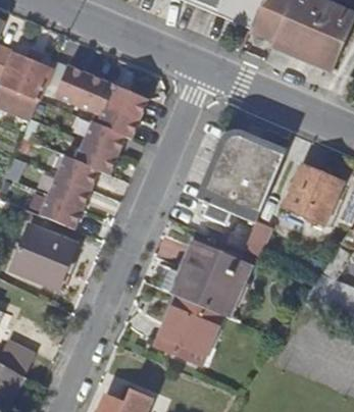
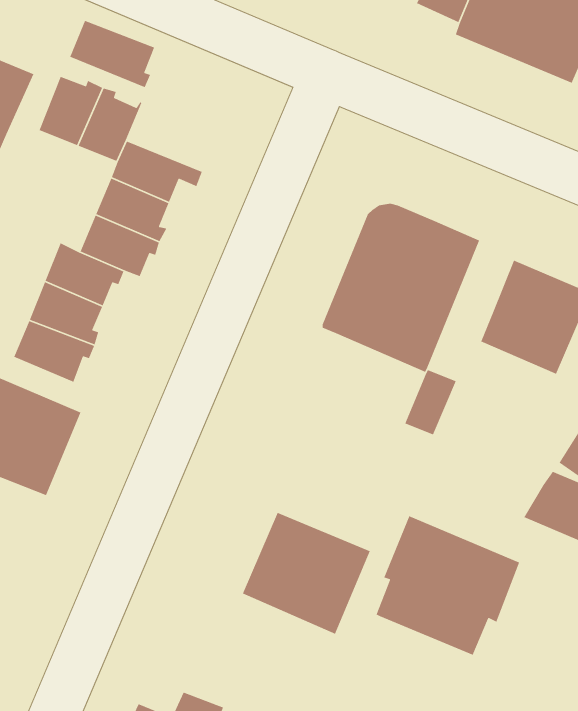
building: [100,82,145,117] -> [69,20,155,88]
building: [176,242,252,315] -> [376,515,520,656]

